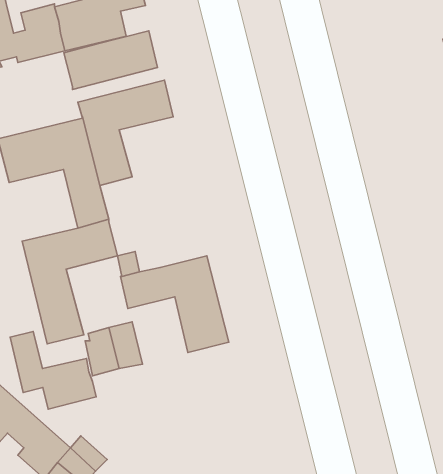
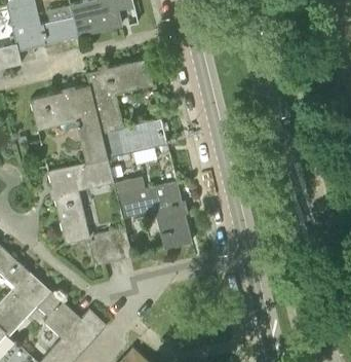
building: [64,31,158,90] -> [102,117,167,158]
building: [10,332,96,409] -> none

